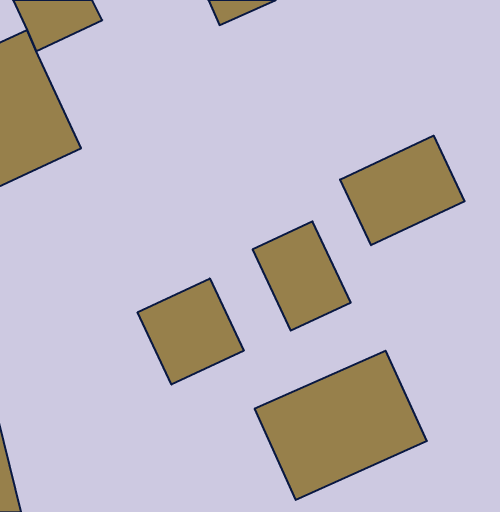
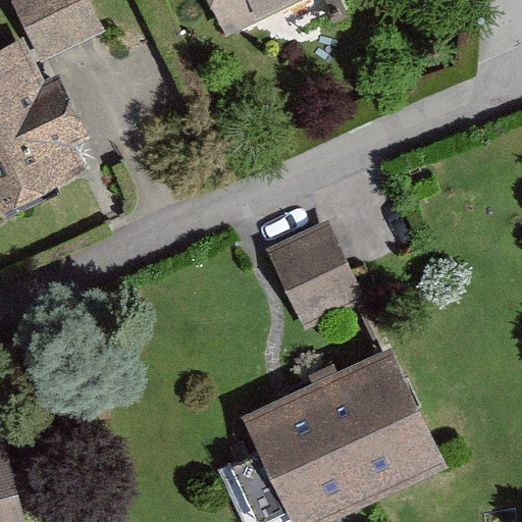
building: [340,136,465,245] -> none
building: [138,278,244,385] -> none

